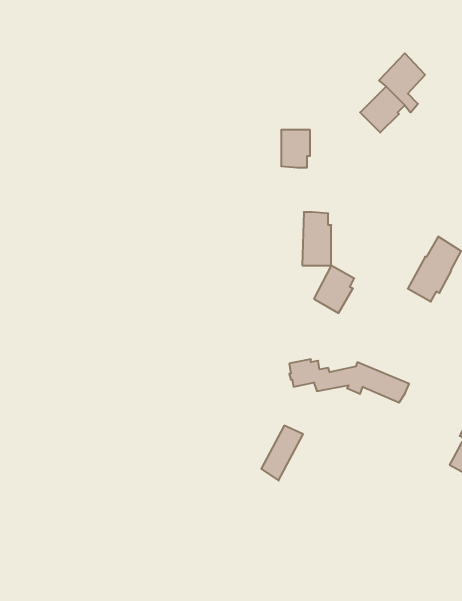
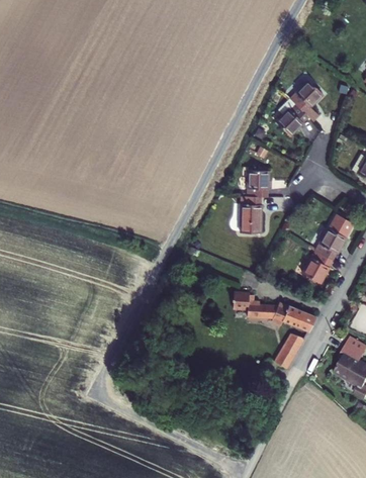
building: [281,130,310,168] -> [247,171,267,197]
building: [314,265,354,313] -> [301,250,330,283]
building: [261,426,303,481] -> [275,330,304,369]

